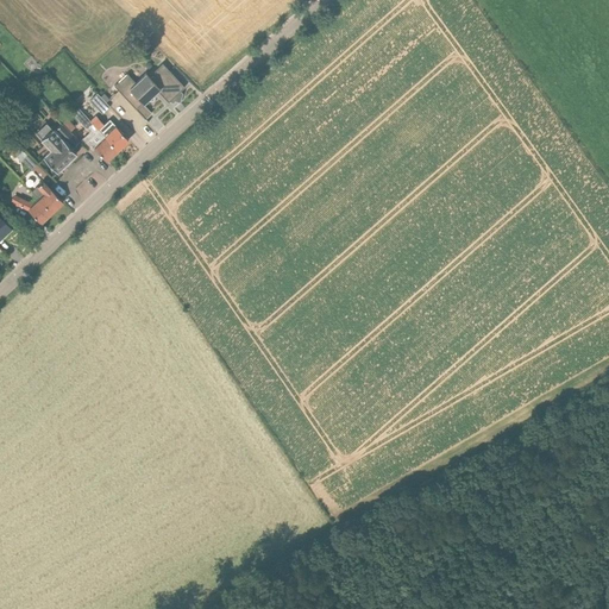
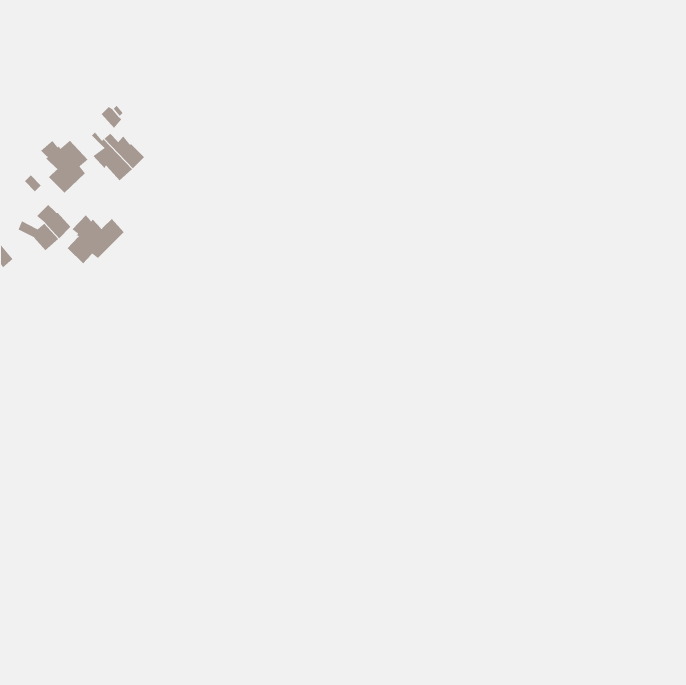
building: [113,64,184,124] -> none
building: none -> [67,215,125,264]

